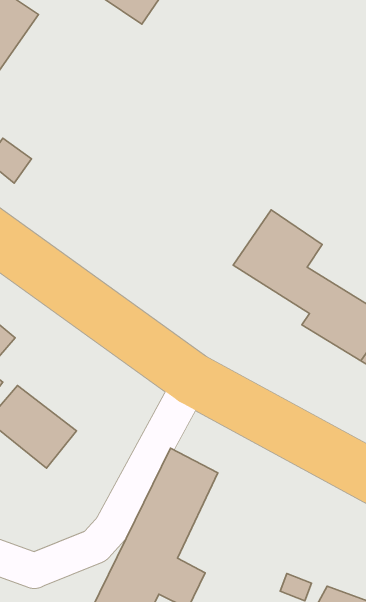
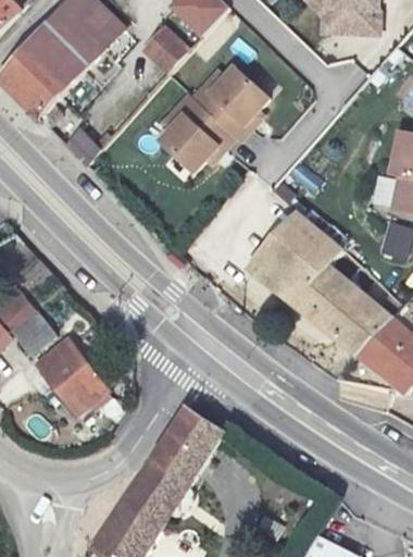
building: none -> [149,34,193,78]
building: none -> [161,63,266,166]

